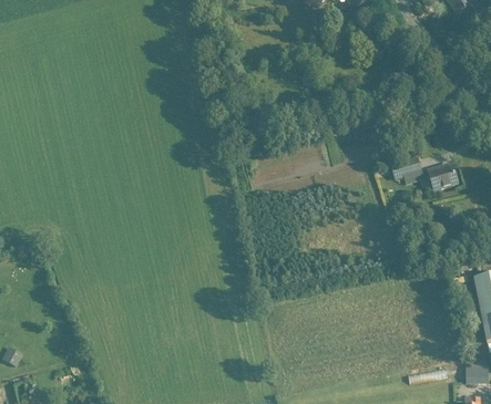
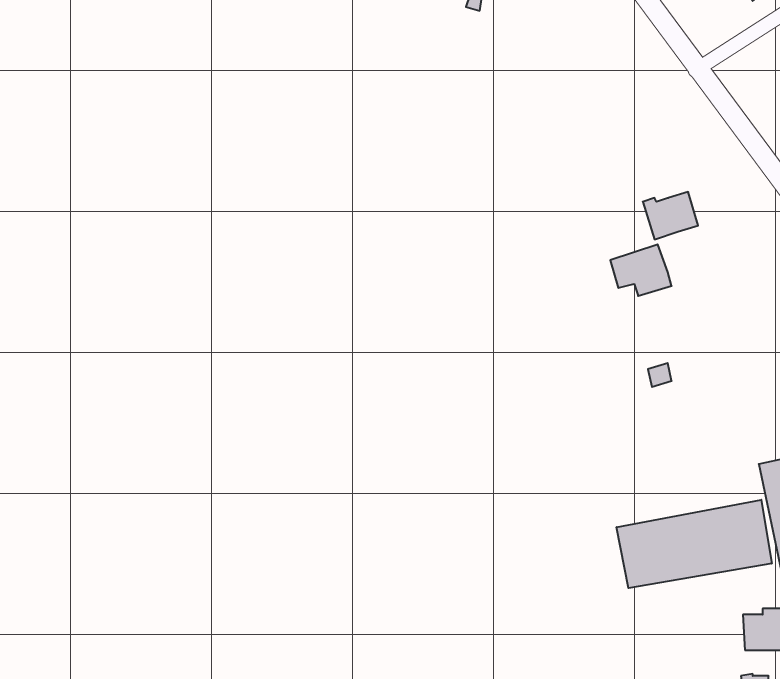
building: [427,164,458,190] -> [643,192,698,239]
building: none -> [617,500,772,588]

